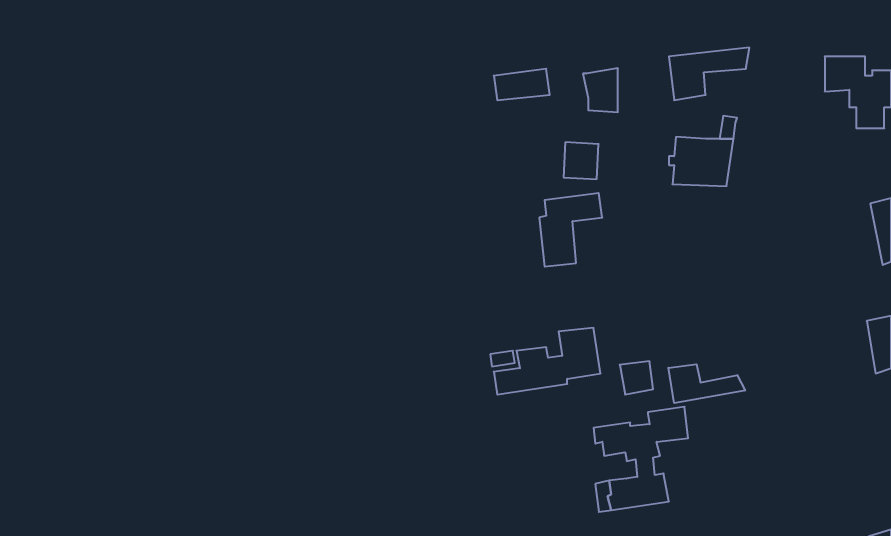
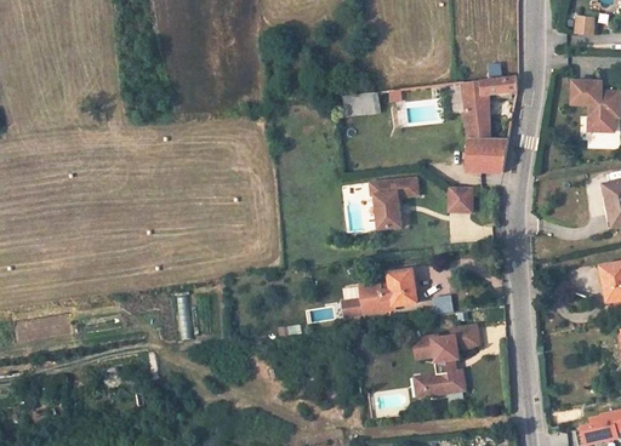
building: [583,68,618,112] -> [465,109,489,139]
building: [564,142,599,179] -> [448,185,472,211]
building: [668,364,745,403] -> none

